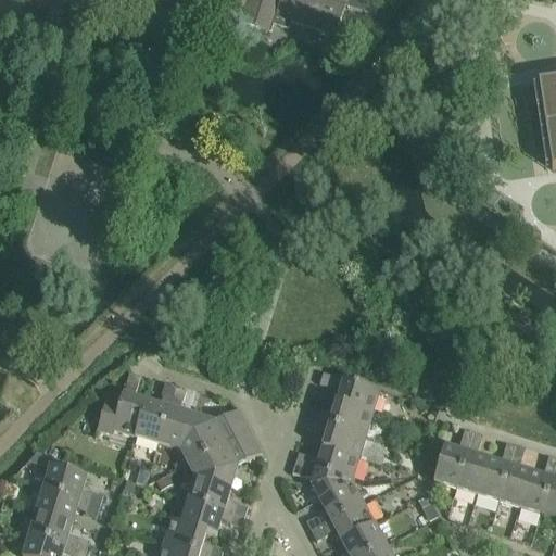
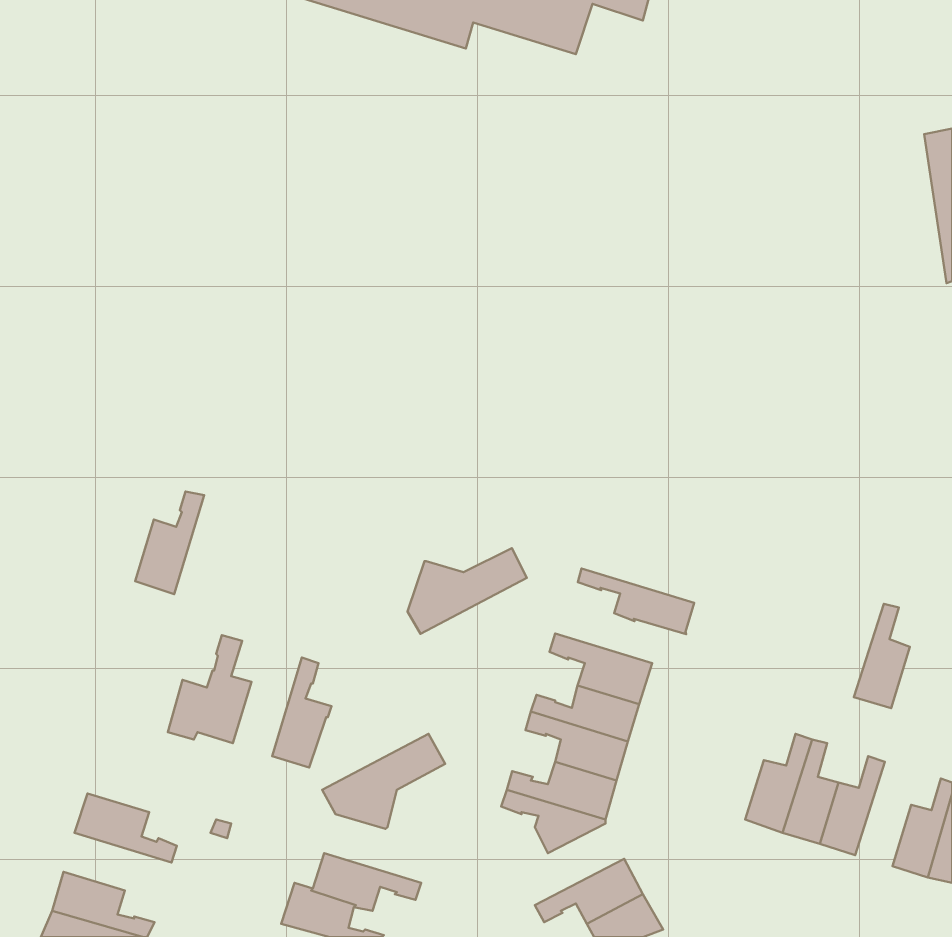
building: none -> [578,568,694,634]
building: [136,381,176,441] -> [135,492,204,594]
building: [180,410,250,460] -> [408,548,527,634]
building: [498,444,531,505] -> [854,604,910,708]
building: [189,475,249,515] -> none
building: [306,480,364,528] -> none
building: [37,485,100,519] -> none

